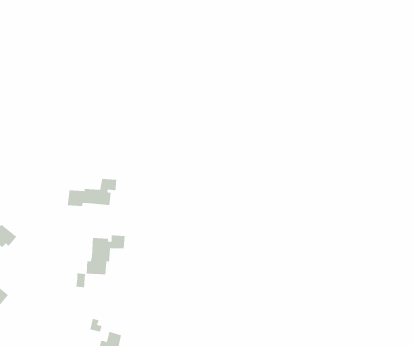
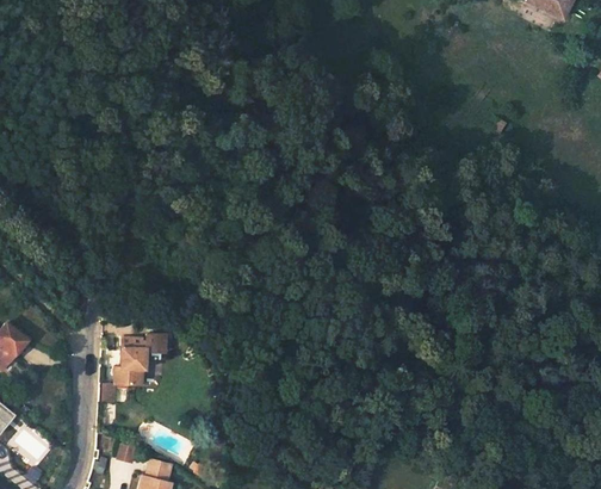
building: [67,178,117,207] -> none

